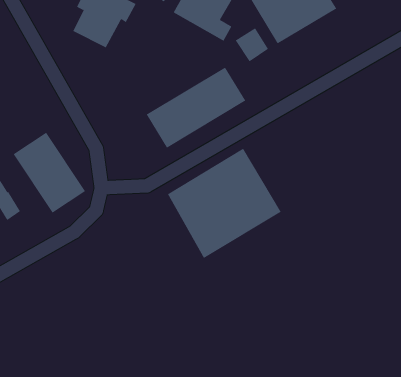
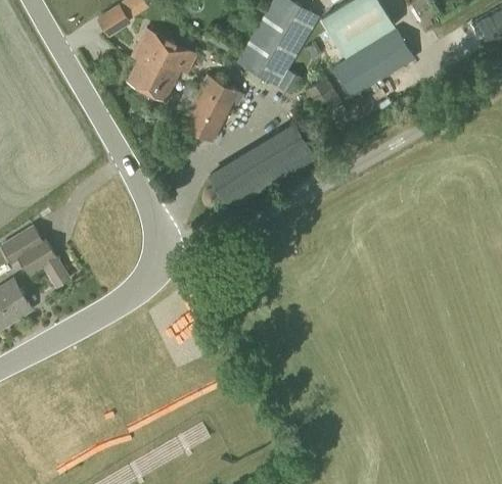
building: none -> [181,76,243,142]
building: [13,132,86,214] -> none
building: [167,148,282,259] -> none

